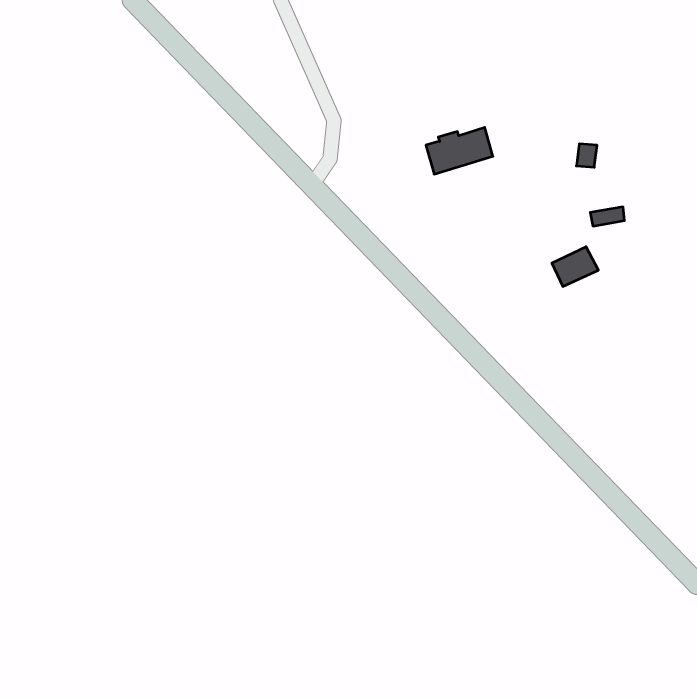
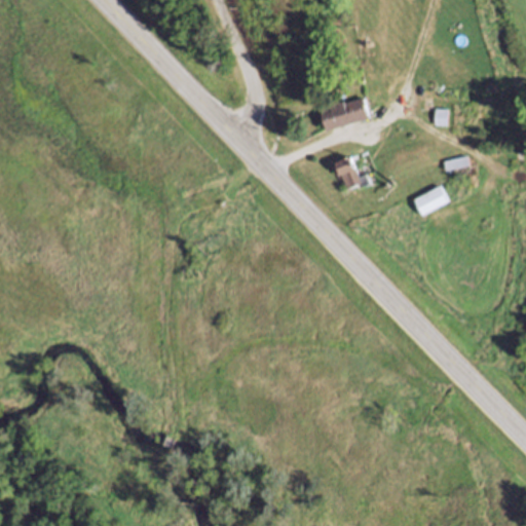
building: none -> [336,158,370,193]

